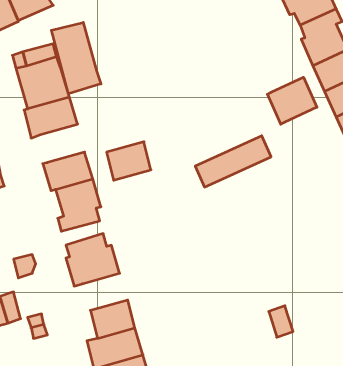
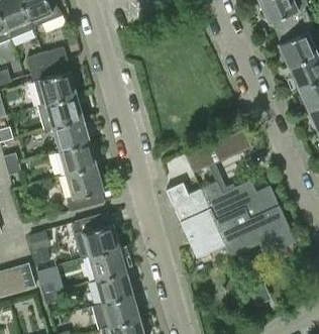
building: [51,22,101,94] -> none
building: [267,77,317,124] -> none
building: [107,142,151,180] -> [51,119,90,152]
building: none -> [166,181,295,258]
building: none -> [88,248,127,281]

